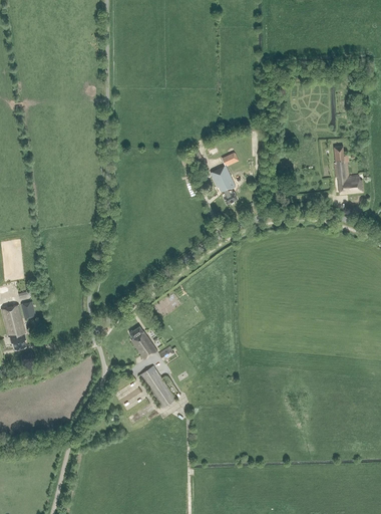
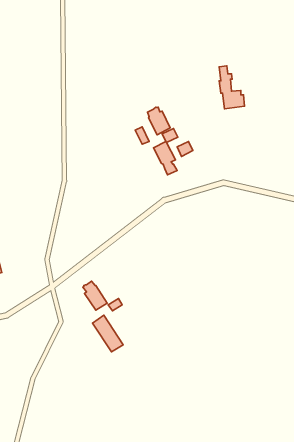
building: none -> [147,107,170,135]
building: [333,145,362,194] -> [219,66,244,109]

